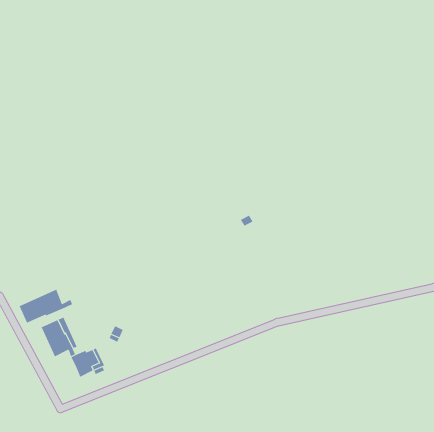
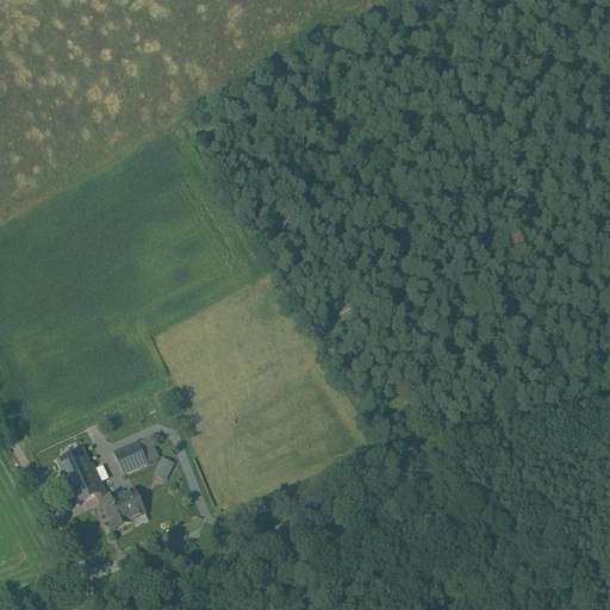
building: [19,289,73,324] -> none
building: none -> [113,440,145,472]

